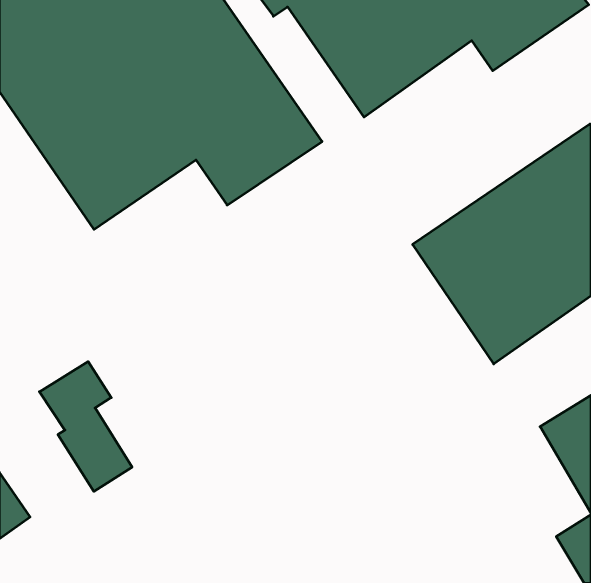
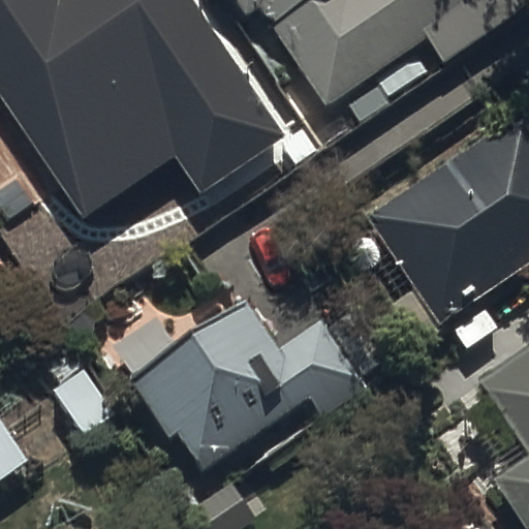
building: none -> [136,306,387,477]

